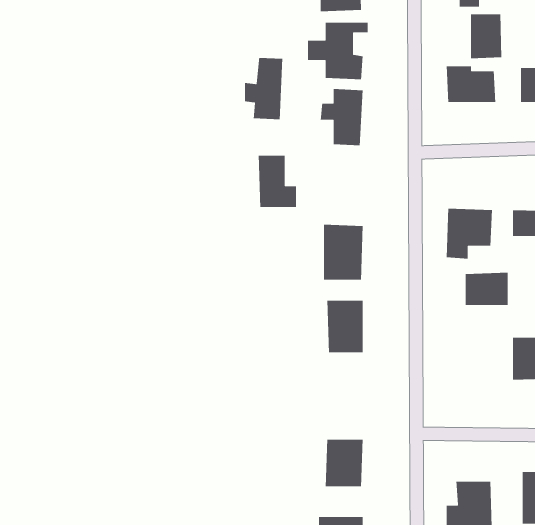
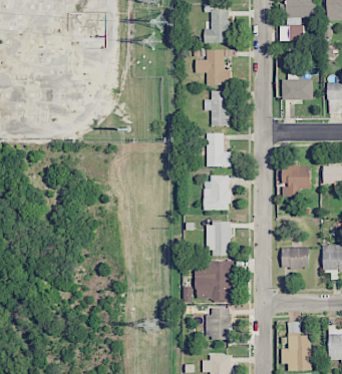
building: [470,14,502,59] -> none
building: [244,57,283,120] -> none
building: [258,155,297,208] -> [207,133,231,166]
building: [465,272,509,306] -> [282,247,309,268]
building: none -> [196,261,235,301]

